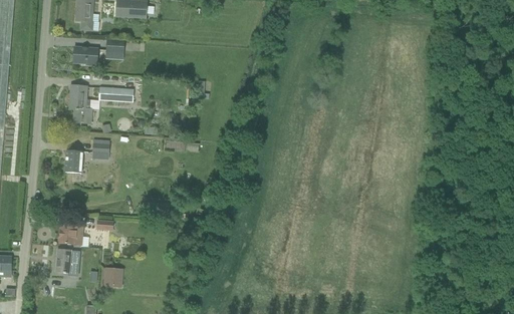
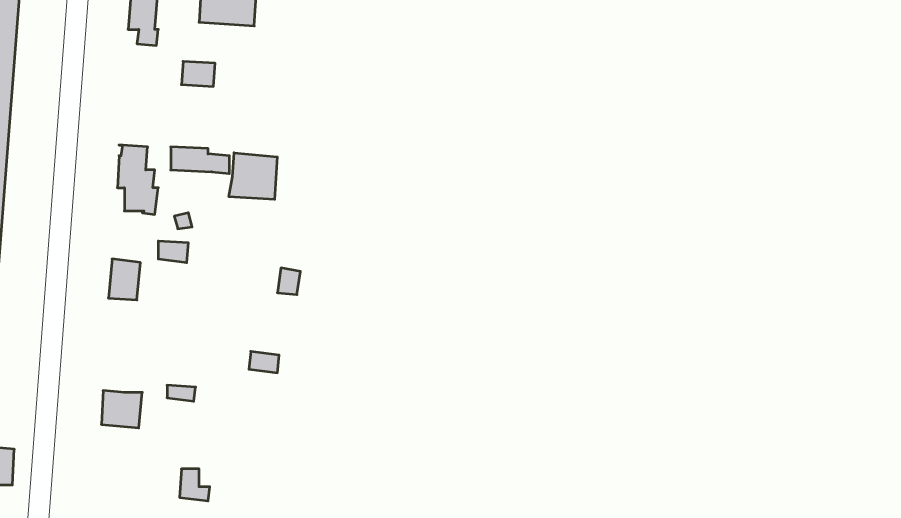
building: [71,46,97,65] -> none
building: none -> [229,153,277,199]
building: [55,249,77,275] -> none

